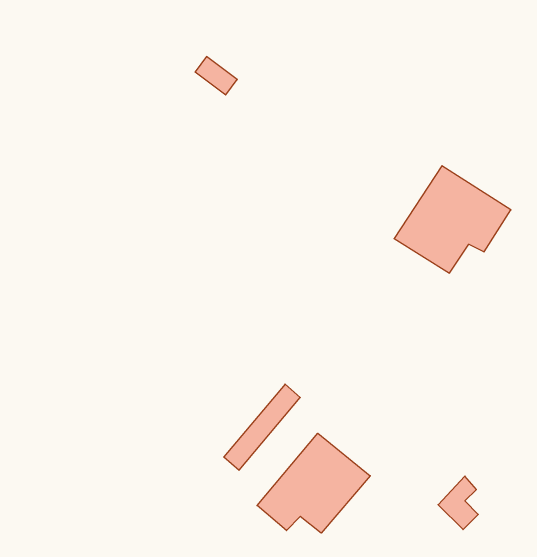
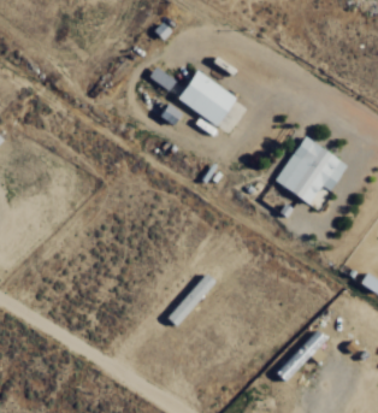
building: none -> [177,70,236,126]
building: [257,433,370,533] -> none

